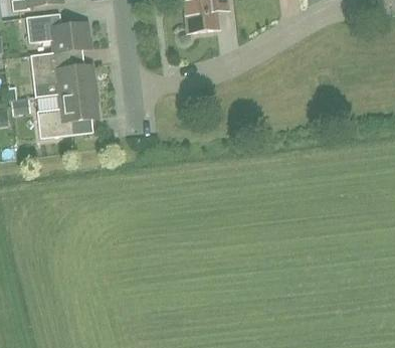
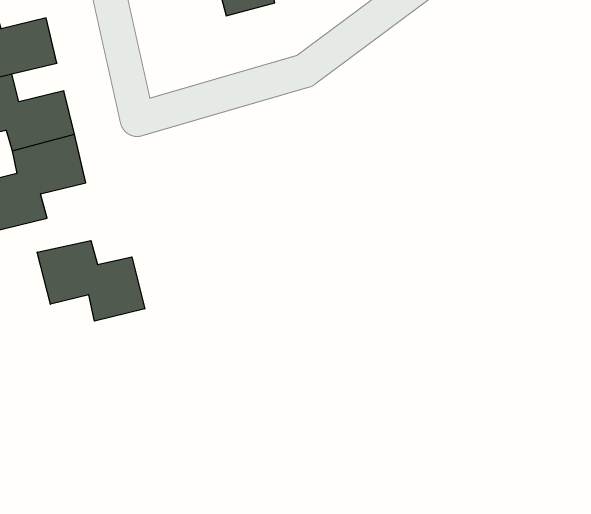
building: none -> [37,241,145,321]

